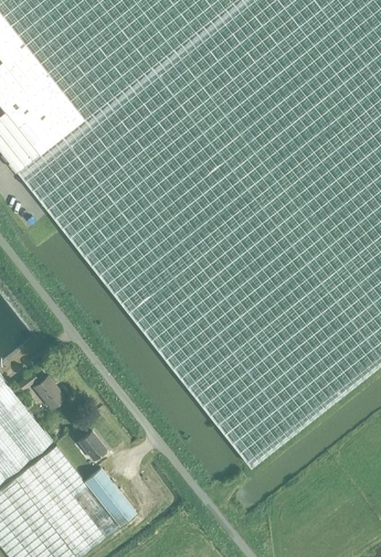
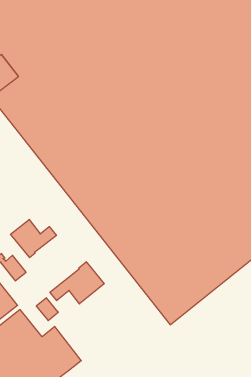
building: none -> [11,219,56,258]
building: none -> [50,262,104,304]

